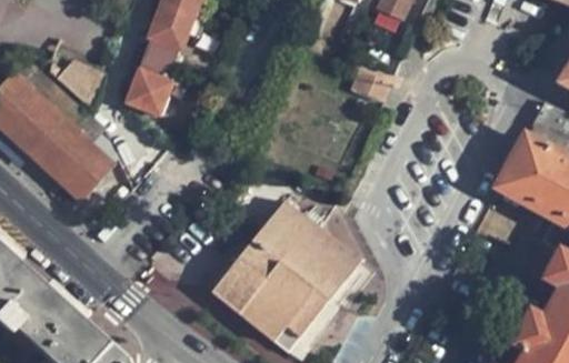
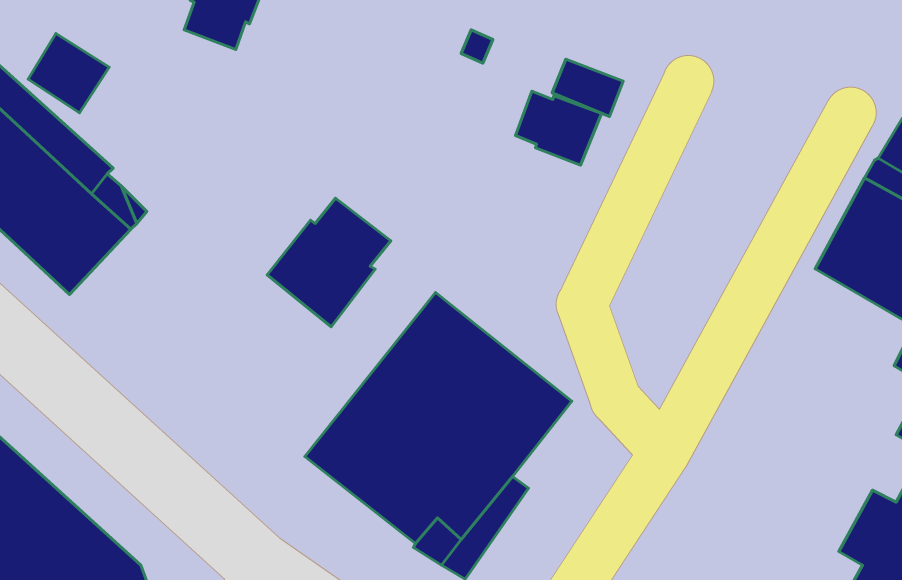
building: [124,52,173,114] -> none
building: none -> [515,91,601,165]
building: none -> [267,198,391,327]

